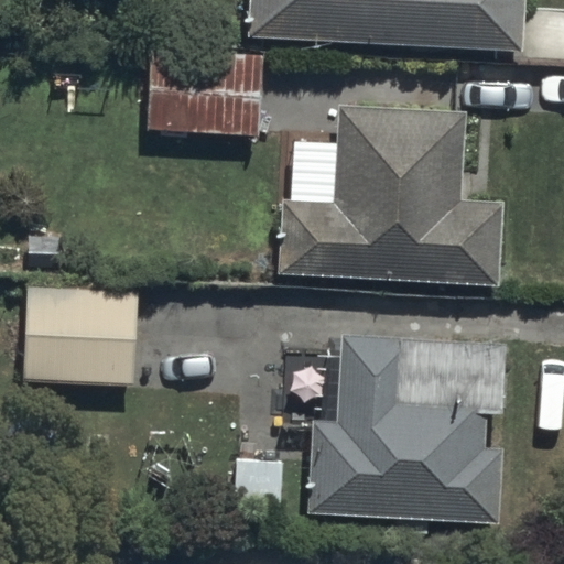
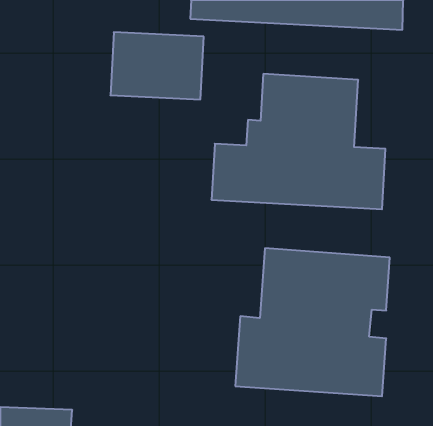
building: [22,291,134,384] -> none

